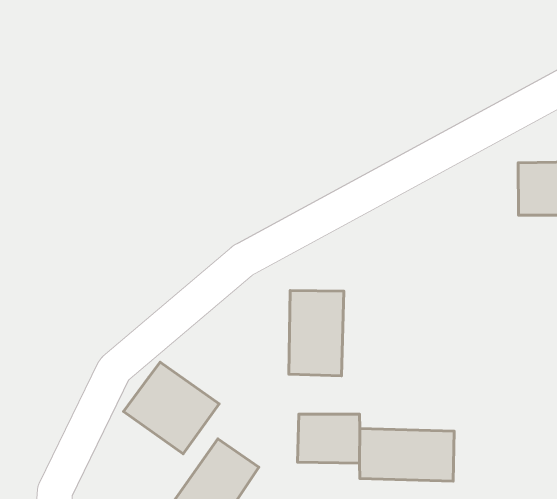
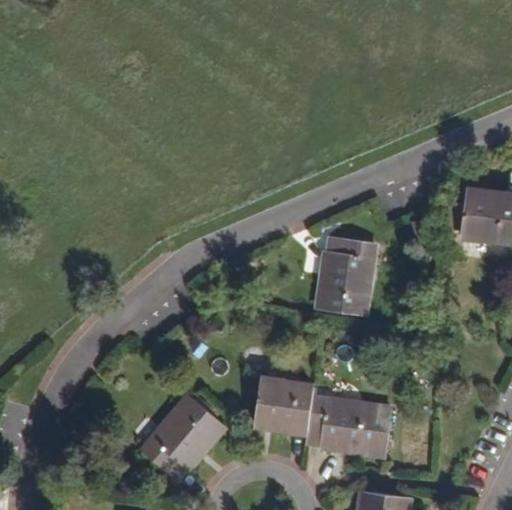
building: [289,290,344,376] -> [319,237,372,313]
building: [124,362,219,454] -> none

